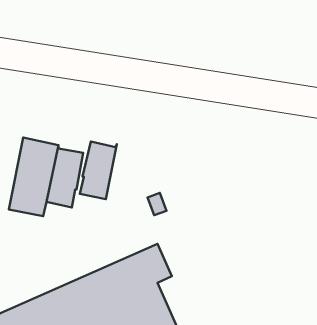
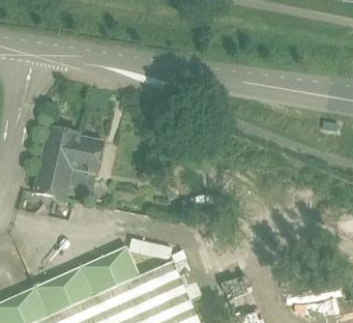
building: [80,141,117,199] -> none

